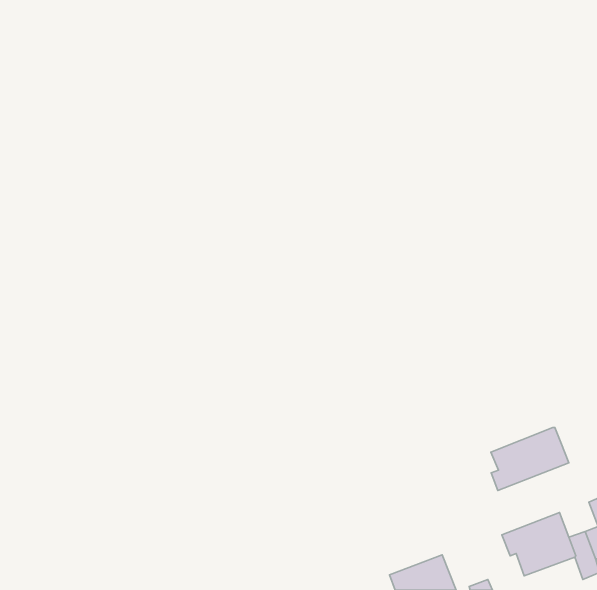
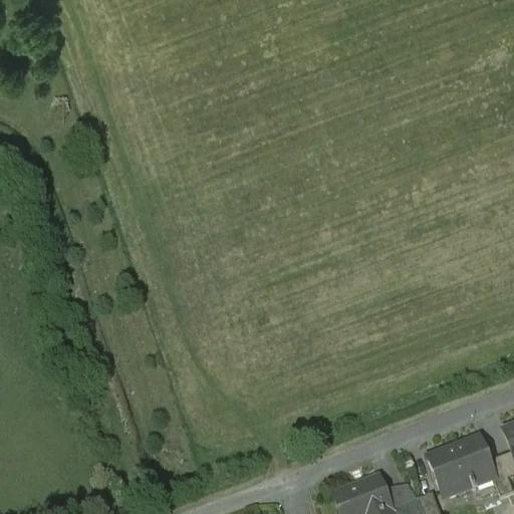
building: [491,427,569,490] -> none

